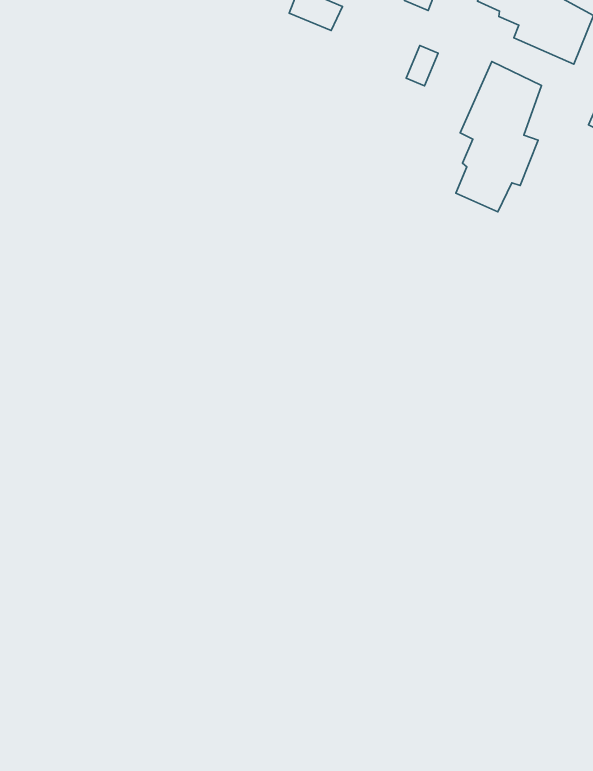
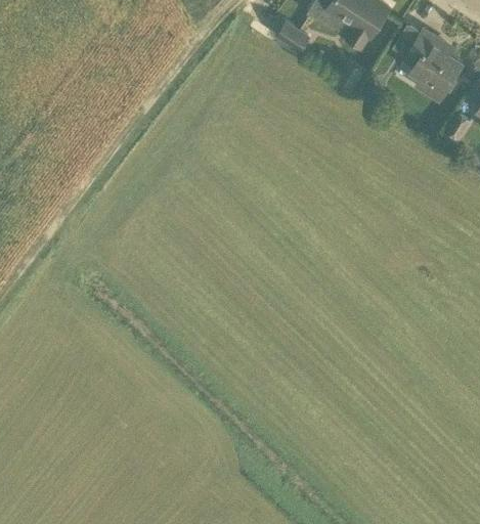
building: [456,61,541,212] -> none

